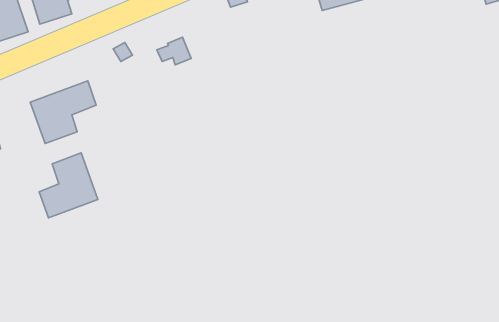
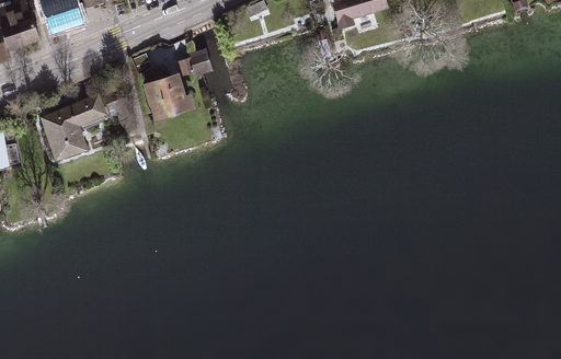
building: none -> [140,69,193,114]
building: [39,153,98,218] -> none

